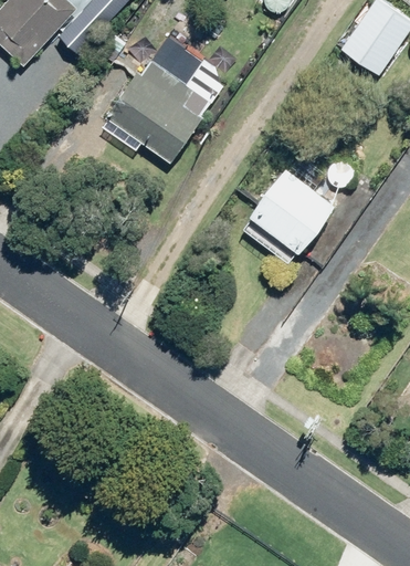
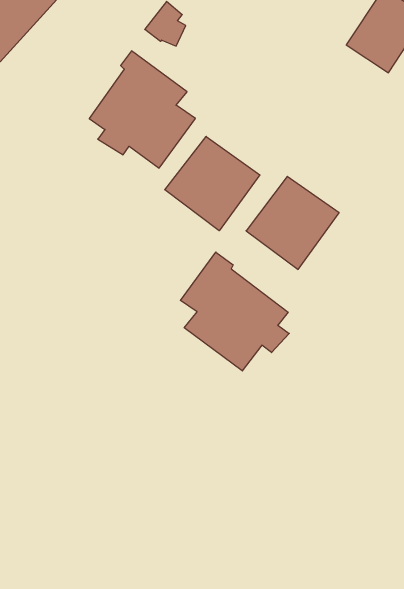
building: none -> [165,136,260,231]
building: none -> [180,252,289,371]

